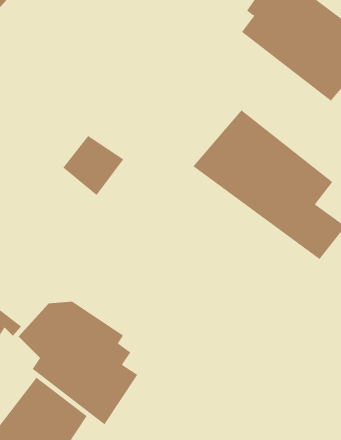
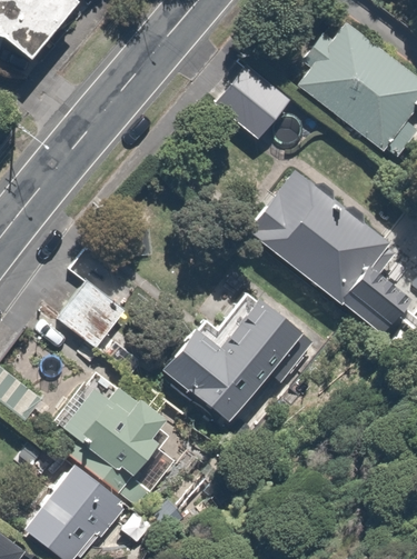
building: none -> [211,64,288,138]
building: [63,135,124,196] -> [58,280,126,347]
building: none -> [153,295,315,438]

